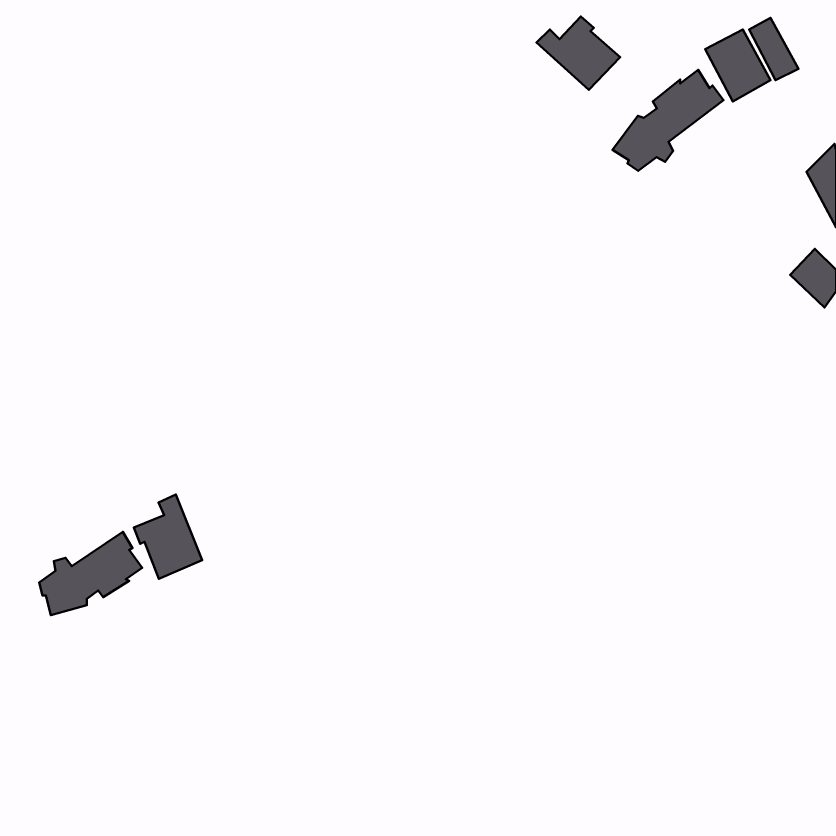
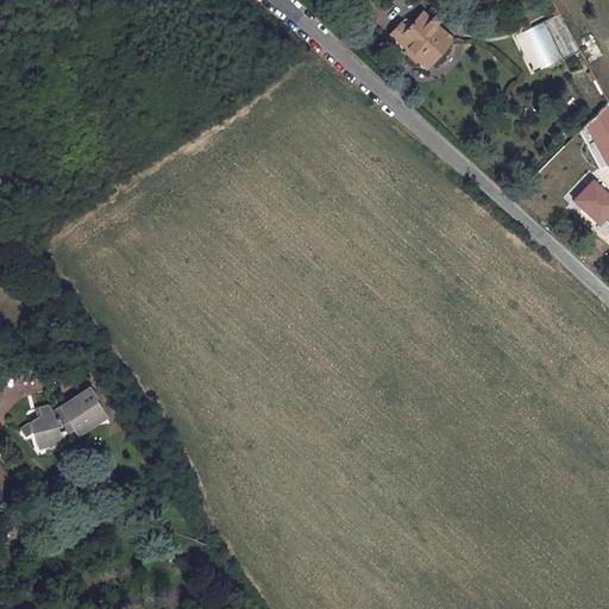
building: [612,70,724,171] -> none
building: [134,494,202,579] -> none

